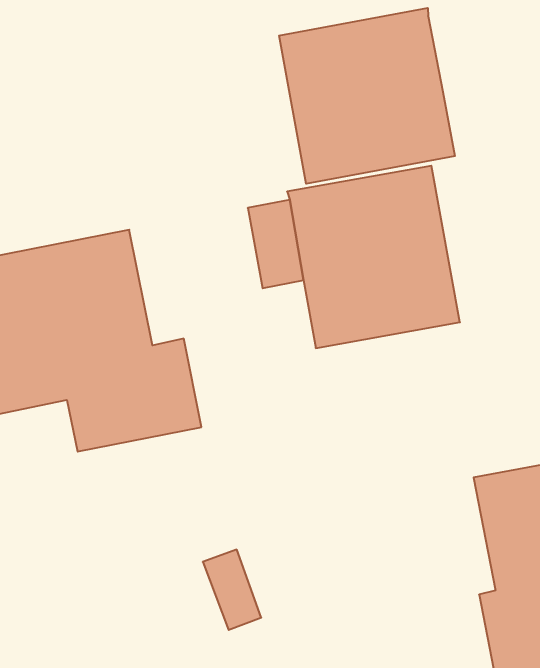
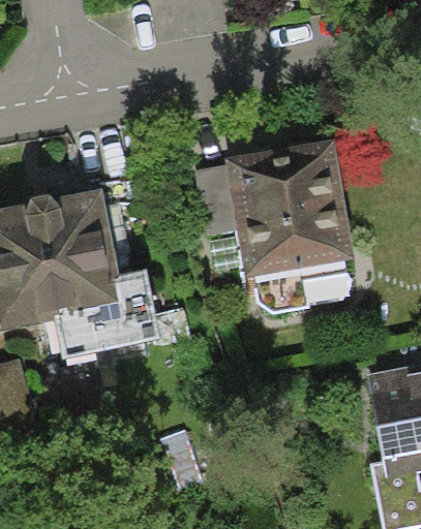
building: [279,8,455,184] -> none

